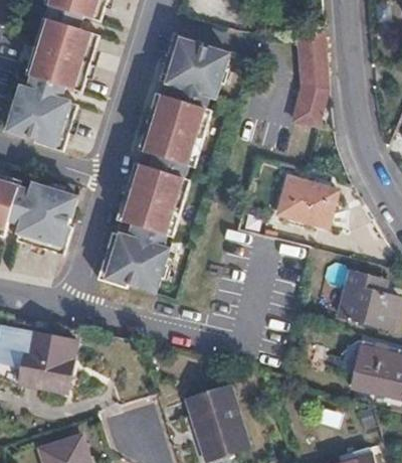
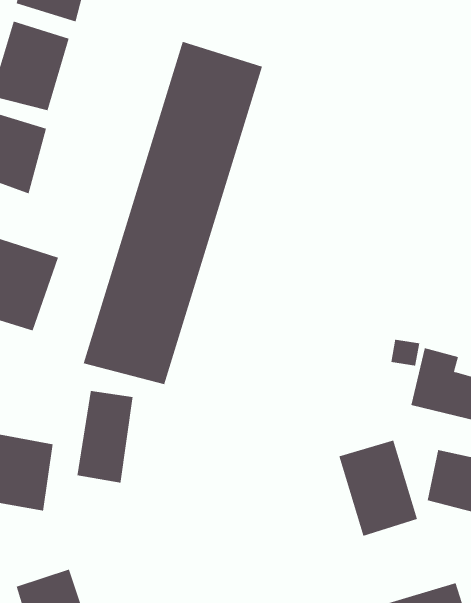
building: [293,24,332,133] -> none
building: [277,176,337,225] -> none
building: none -> [77,390,133,483]
building: [189,383,248,456] -> [339,440,418,537]

